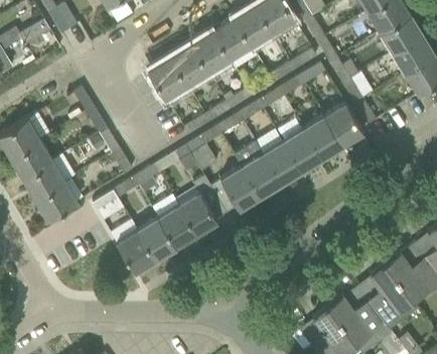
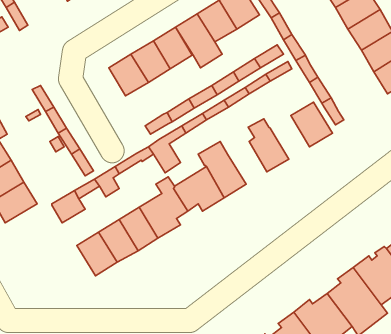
building: [304,117,342,159] -> none
building: [263,142,301,184] -> none

